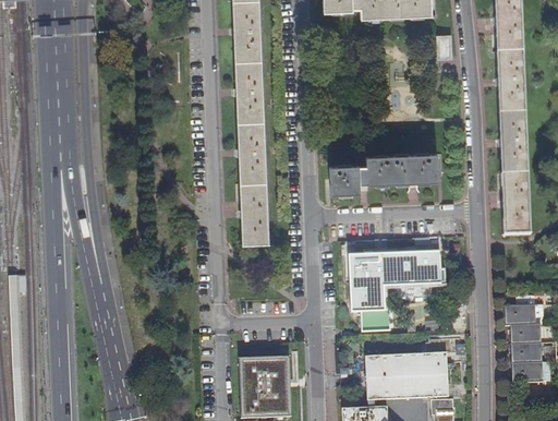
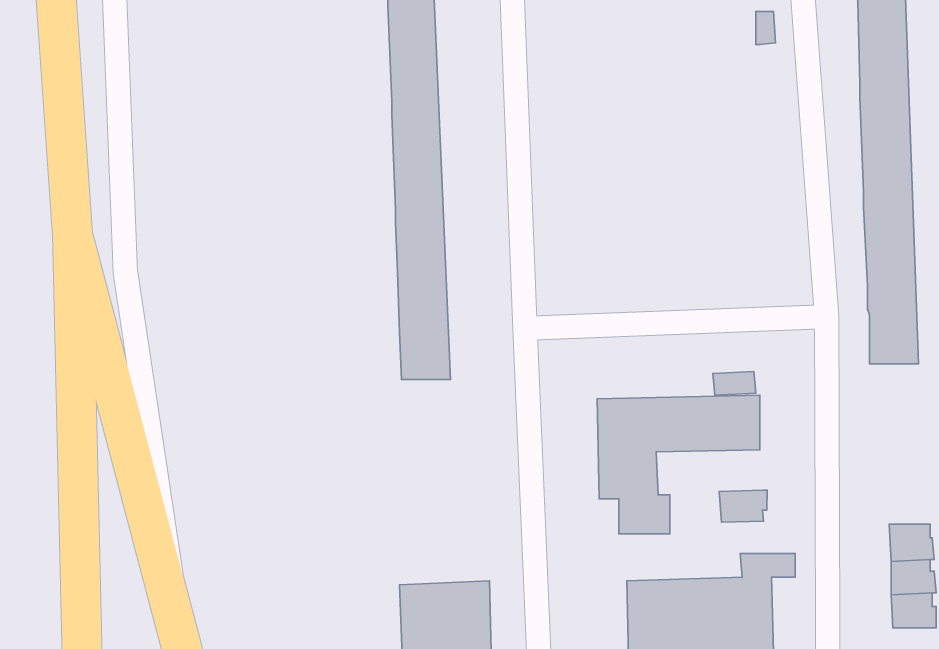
building: [330,153,438,194] -> none
building: [509,303,532,323] -> none
building: none -> [719,490,767,522]

